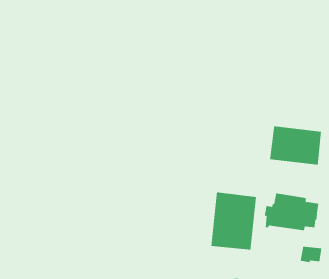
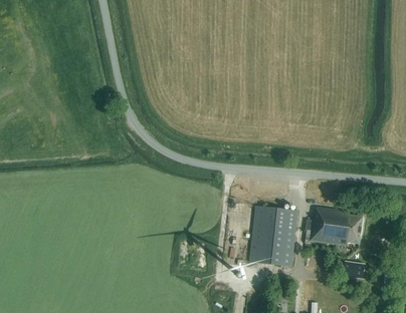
building: [269,126,322,165] -> none

